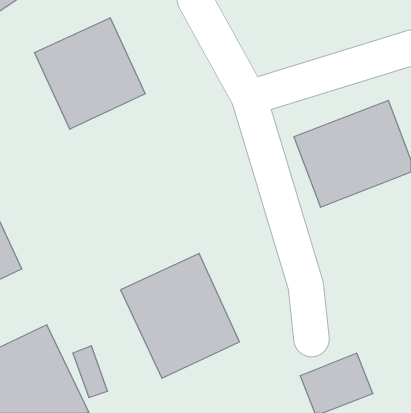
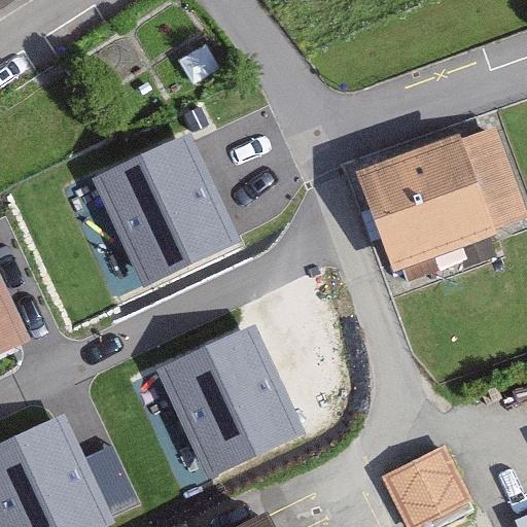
building: [34,18,145,129] -> none
building: none -> [90,133,239,288]

